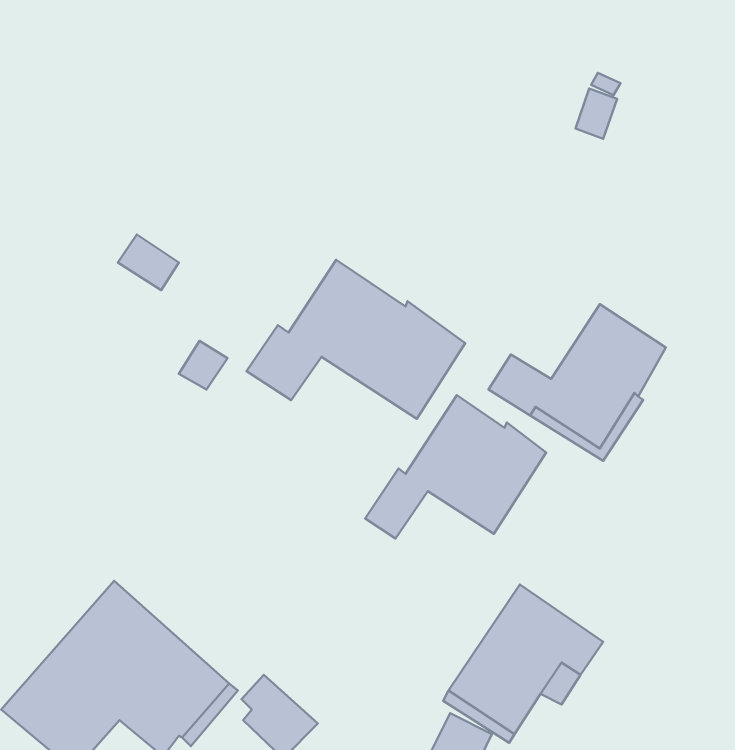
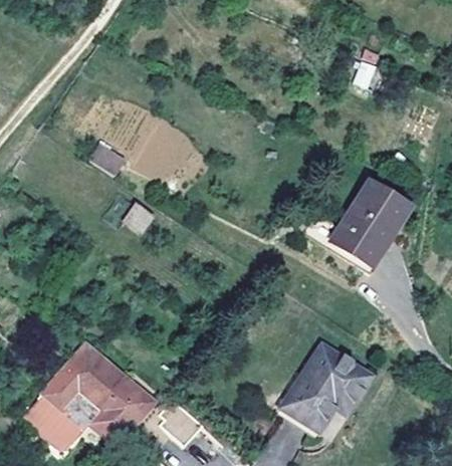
building: [247,260,465,419] -> none
building: [365,395,546,538] -> none

